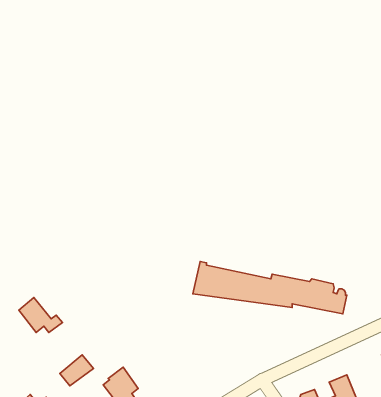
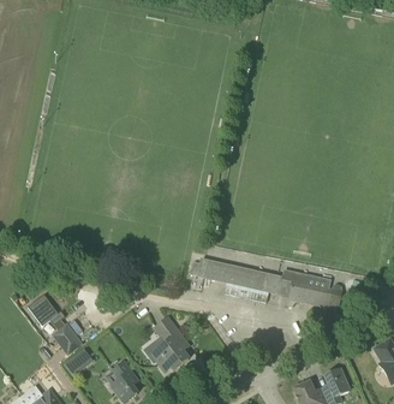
building: none -> [150,316,189,370]
building: none -> [50,322,83,355]

